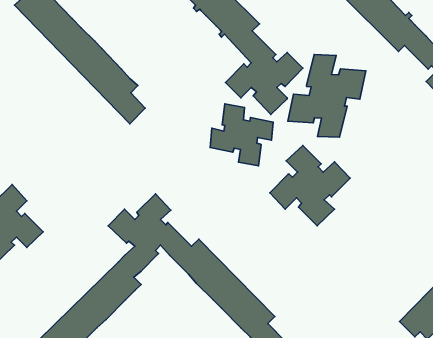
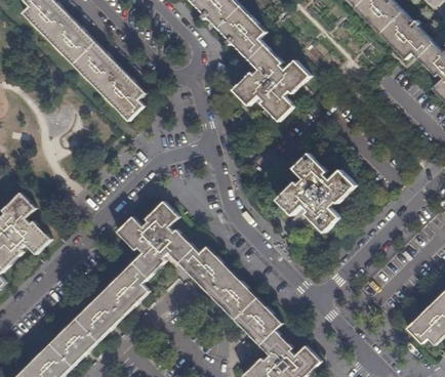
building: [288,55,366,137] -> none
building: [210,104,273,166] -> none

